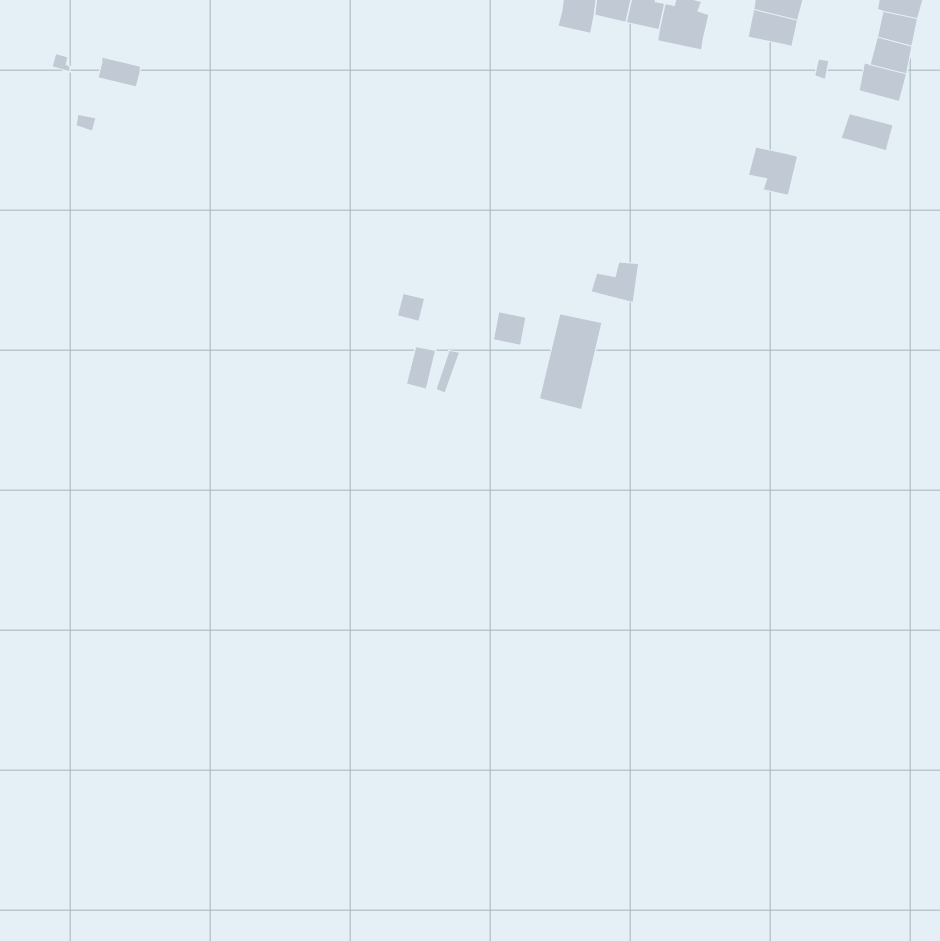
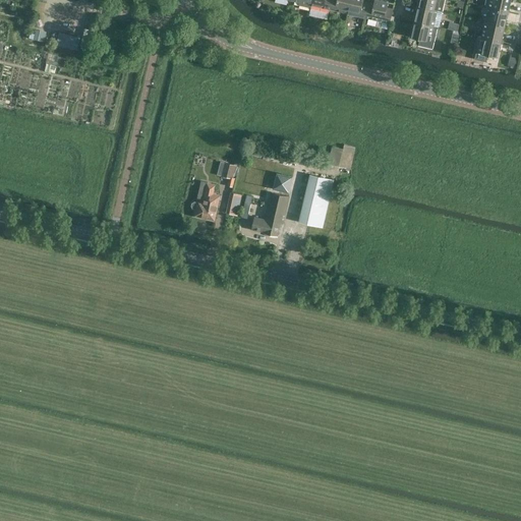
building: [841,114,893,151] -> none
building: [748,147,798,195] -> [408,20,436,47]
building: none -> [189,182,218,219]
building: none -> [250,190,287,234]

